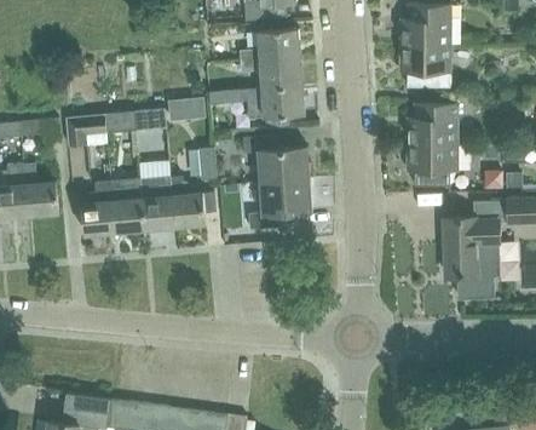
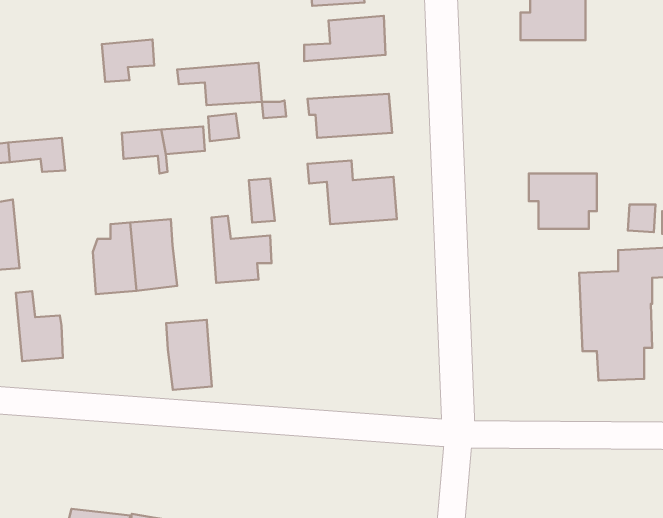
building: [400,45,449,87] -> none
building: [240,56,302,87] -> [177,63,262,105]
building: [407,102,459,144] -> none
building: [67,114,105,145] -> [102,39,154,82]
building: [23,162,58,214] -> [16,291,63,361]
building: [140,176,174,228] -> [166,320,212,390]
building: [249,178,311,228] -> none

